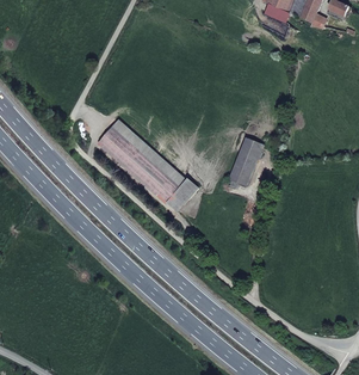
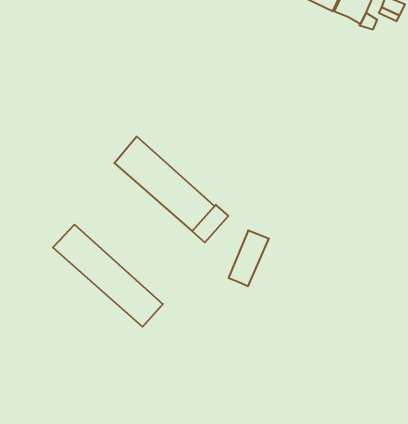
building: [229,139,264,186] -> [229,230,269,286]
building: none -> [53,225,163,327]

